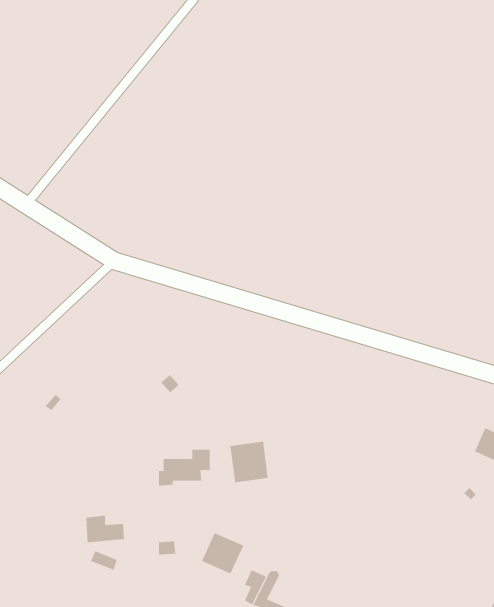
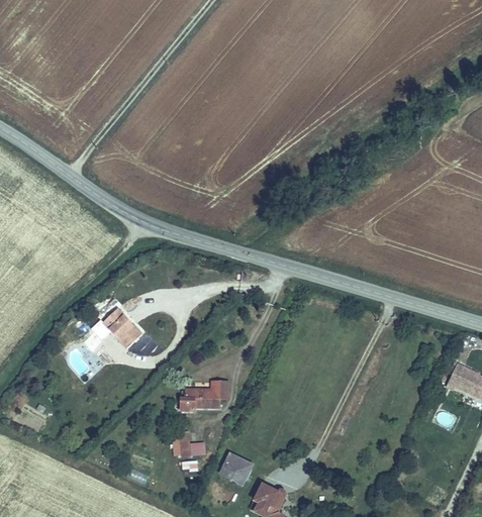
building: none -> [102,307,141,347]
building: [230,441,268,483] -> none
building: [86,515,125,543] -> [172,434,205,457]

